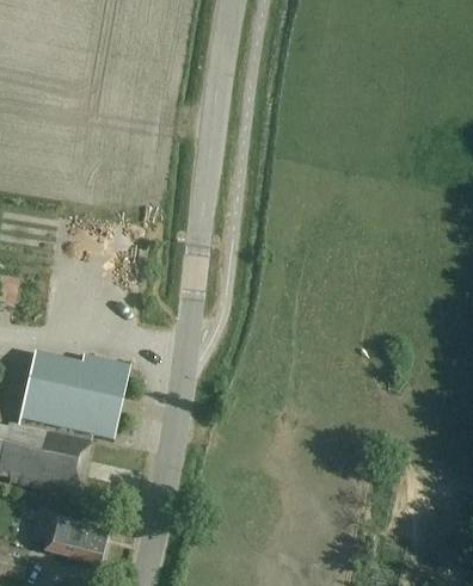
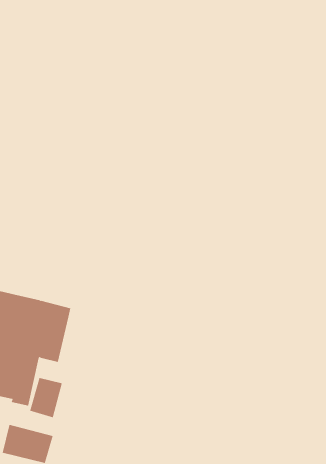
building: none -> [30,377,63,418]

